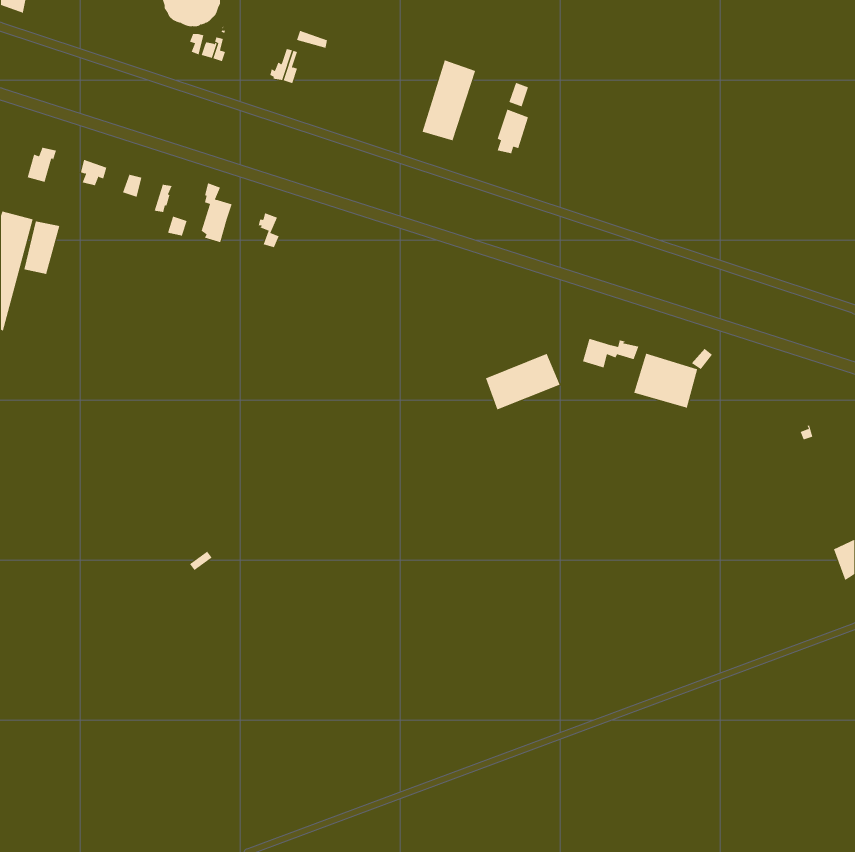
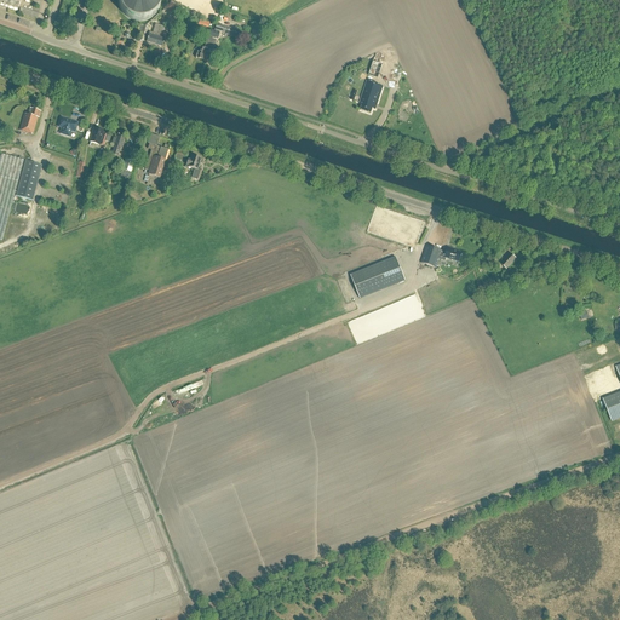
building: [422,60,476,141] -> none
building: [634,353,698,409] -> none

